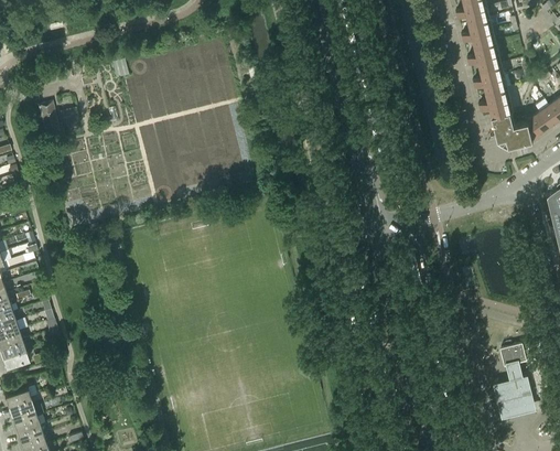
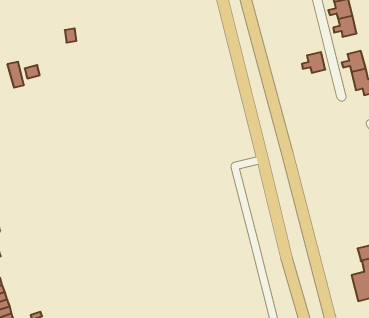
building: [474,66,505,94] -> [302,52,325,73]

